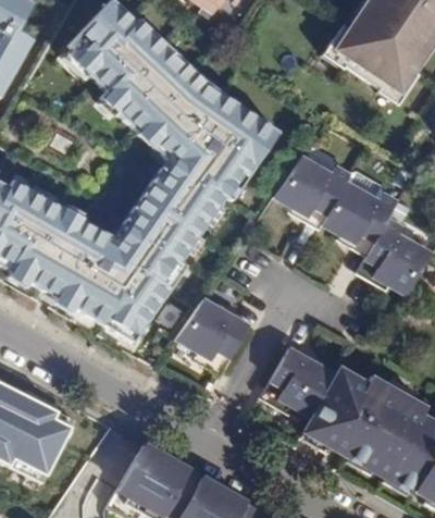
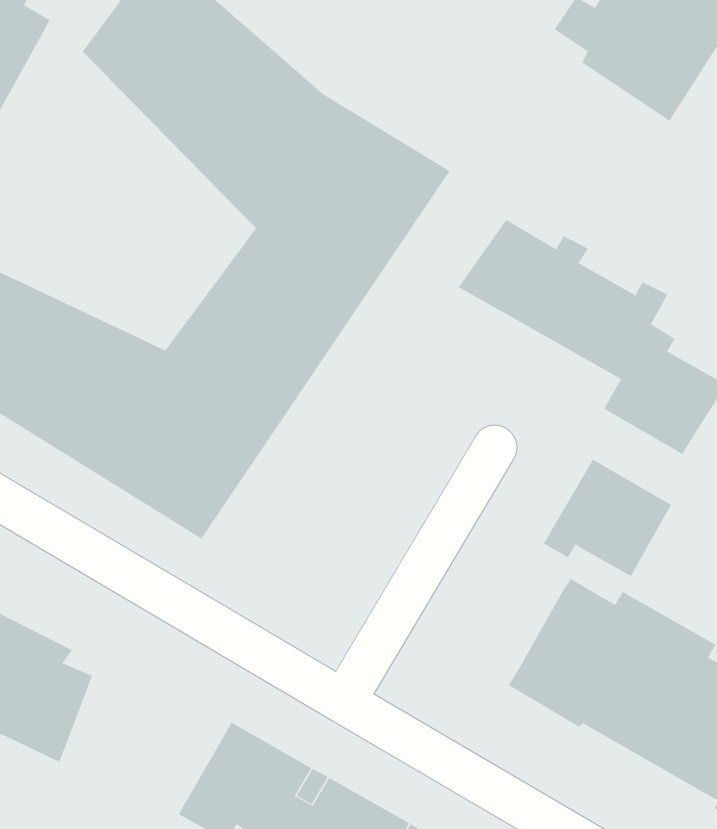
building: [178,297,253,373] -> none
building: [263,345,339,415] -> [543,459,672,577]

